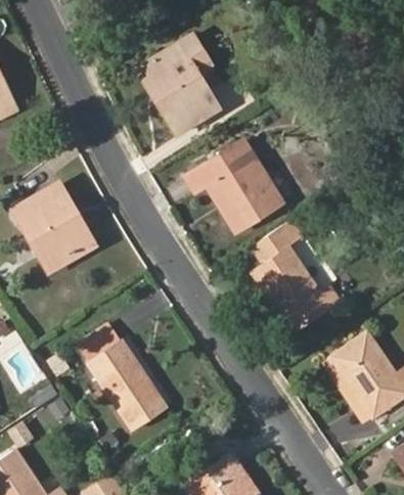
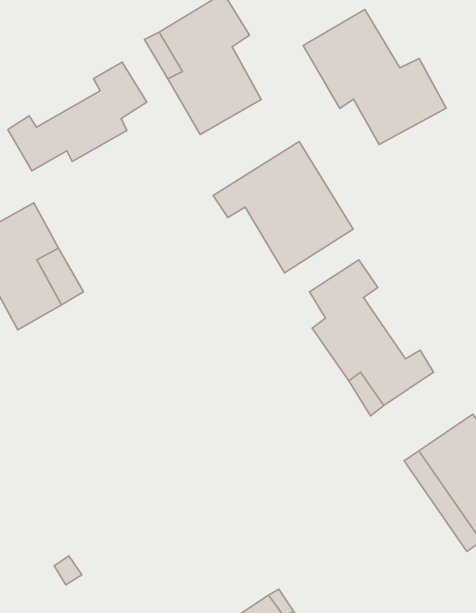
building: none -> [303,9,446,145]
building: none -> [8,62,147,171]
building: [88,339,167,430] -> none

